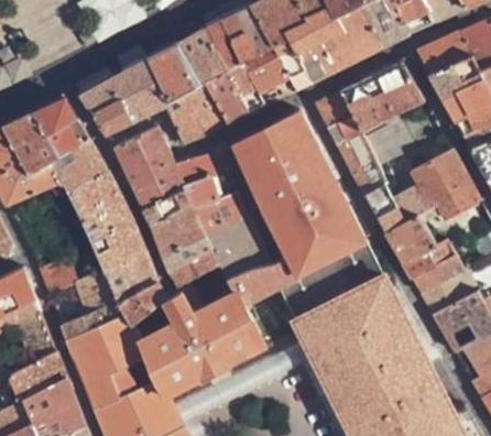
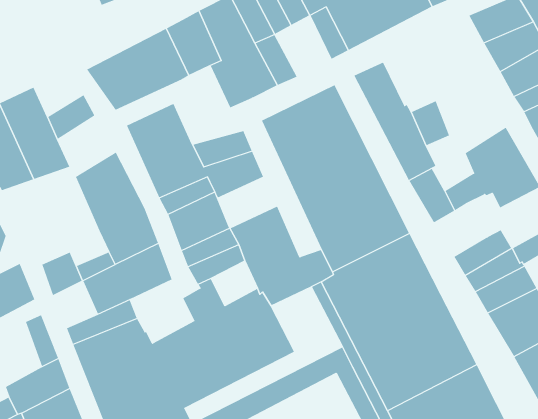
building: [247,50,296,103] -> none
building: [342,62,424,129] -> none
building: [165,94,207,141] -> none
building: [34,98,78,139] -> none
building: [55,138,107,192] -> none
building: [196,192,249,237] -> none
building: [386,215,434,262] -> none
building: [119,282,165,328] -> none

